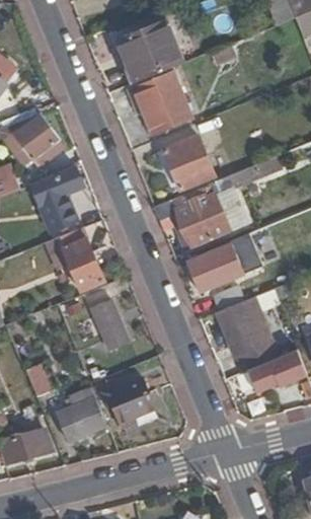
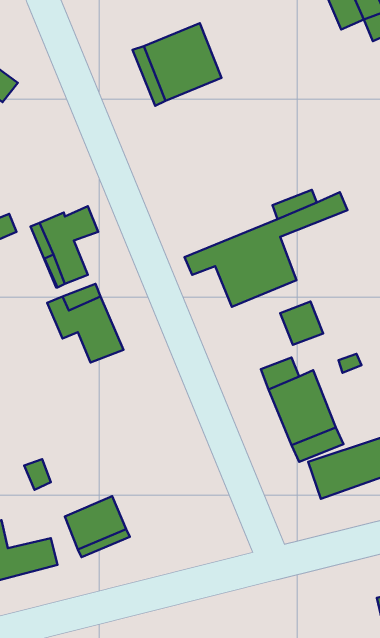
building: [128,73,191,134] -> none
building: [15,112,62,158] -> none
building: [163,134,214,188] -> none
building: [184,232,251,292] -> none
building: [86,294,129,349] -> none
building: [105,379,153,429] -> none

